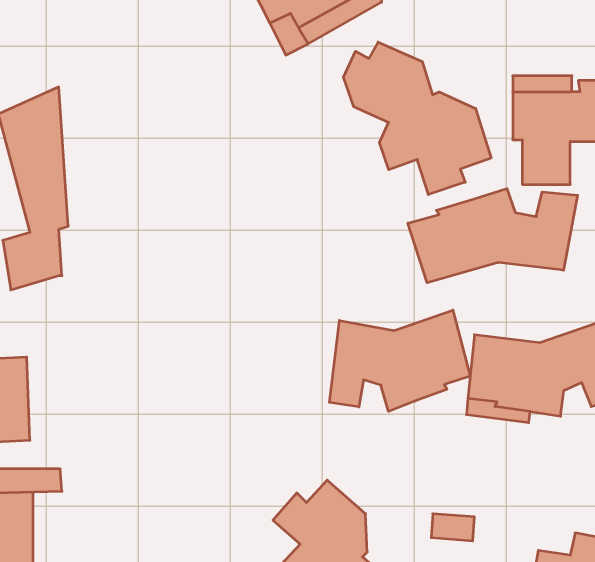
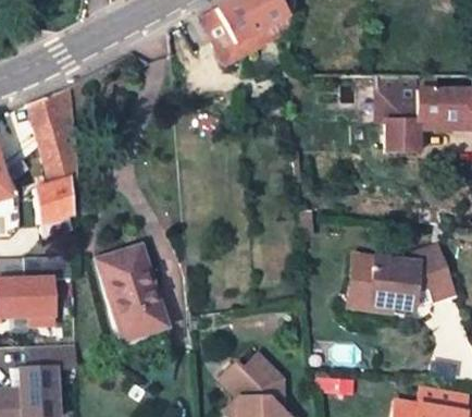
building: [344,42,491,195] -> none
building: [408,189,578,283] -> none
building: [329,310,470,411] -> none
building: none -> [98,246,169,341]

